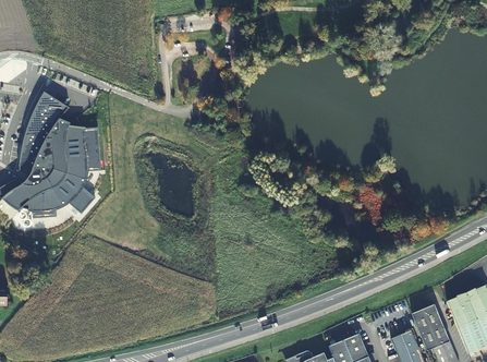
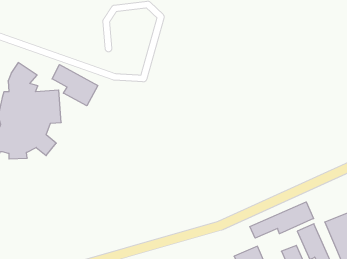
building: none -> [52,65,98,106]
building: none -> [250,202,314,238]

